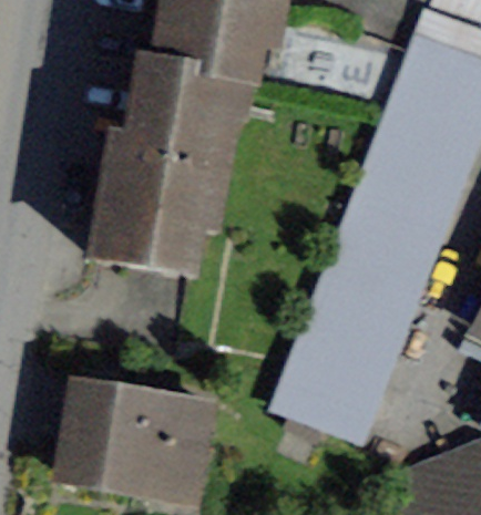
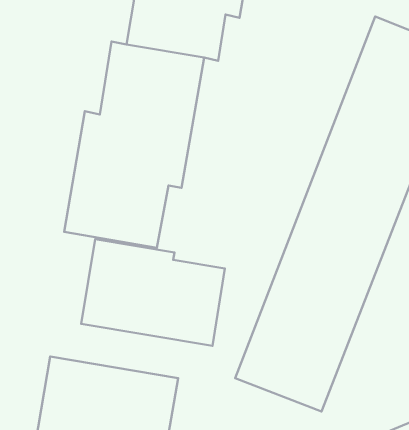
building: none -> [81,239,225,346]

